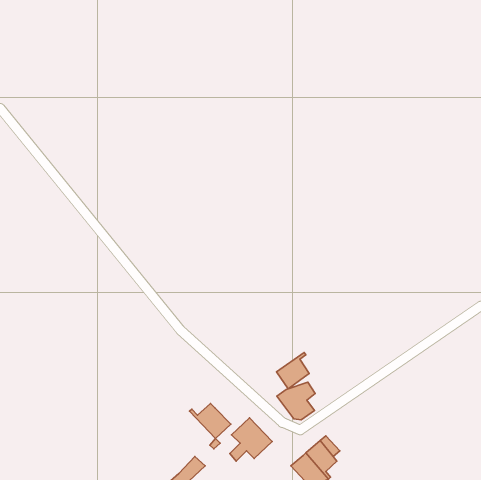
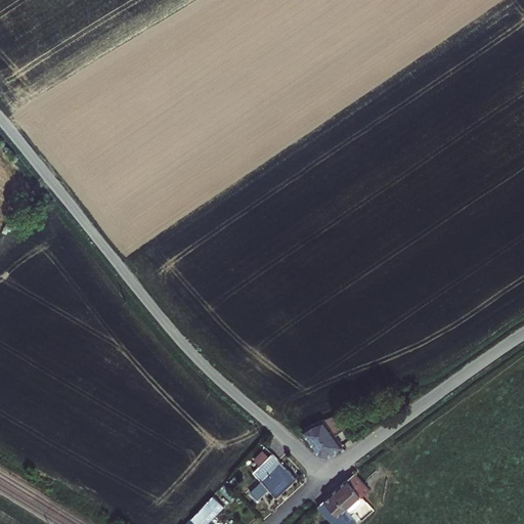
building: [276,352,309,389] -> none
building: [190,404,231,439] -> none

